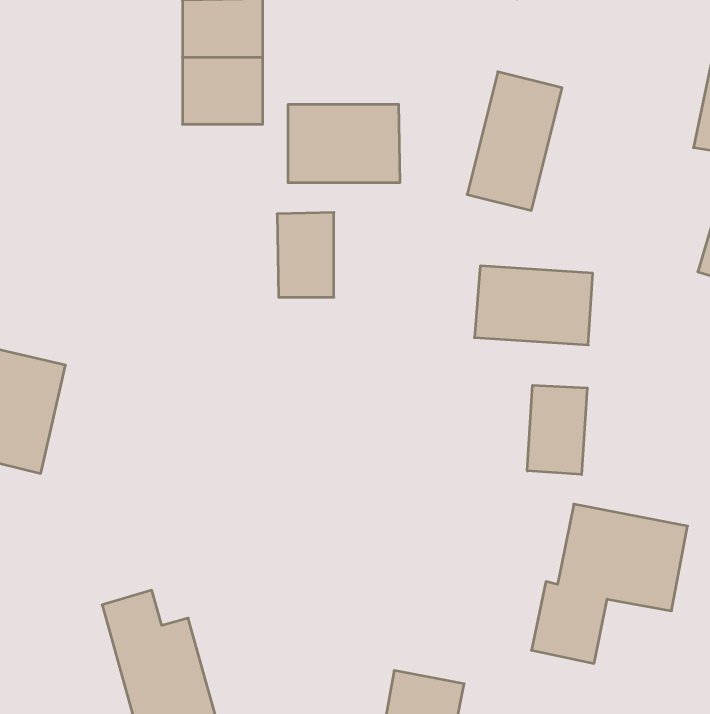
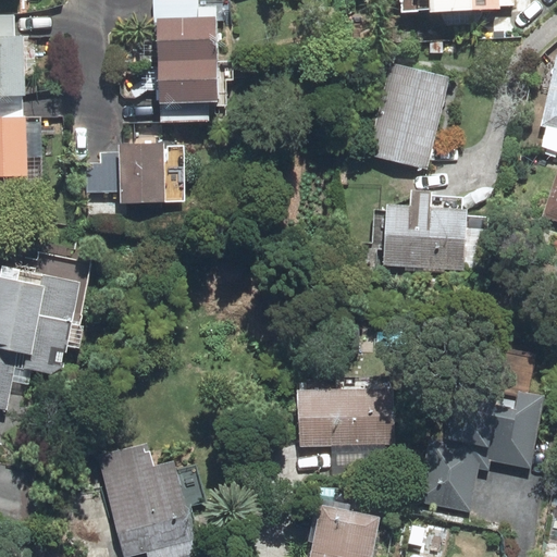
building: [288,104,400,183] -> none
building: [277,212,334,297] -> [124,146,166,209]
building: [527,385,587,475] -> none
building: none -> [297,389,384,445]

